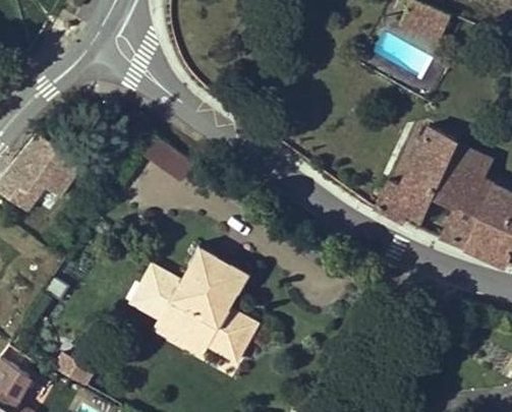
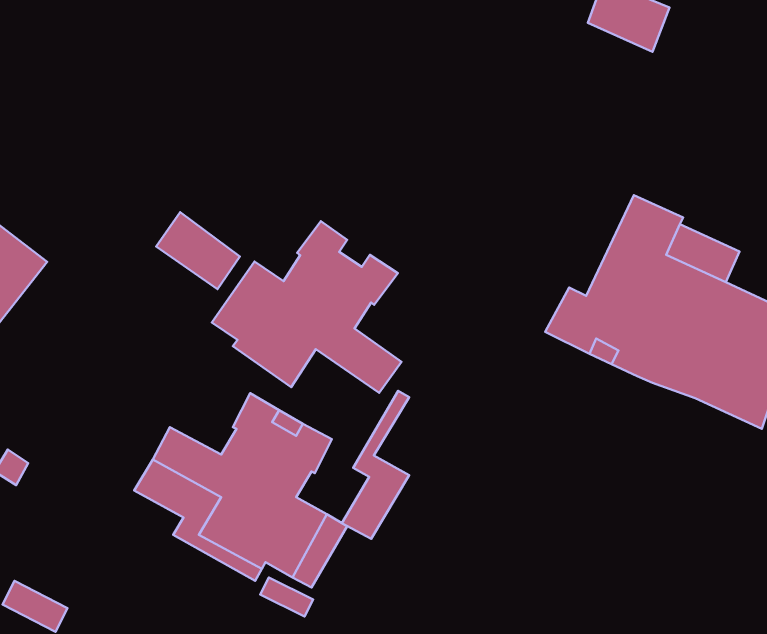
building: none -> [212,221,401,393]
building: none -> [342,391,409,539]

